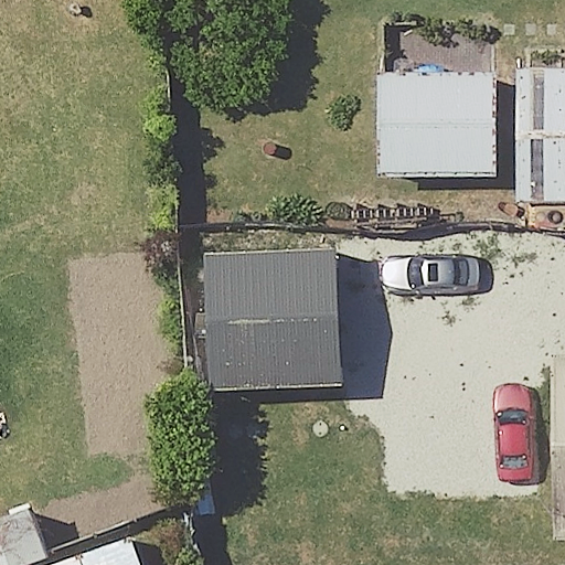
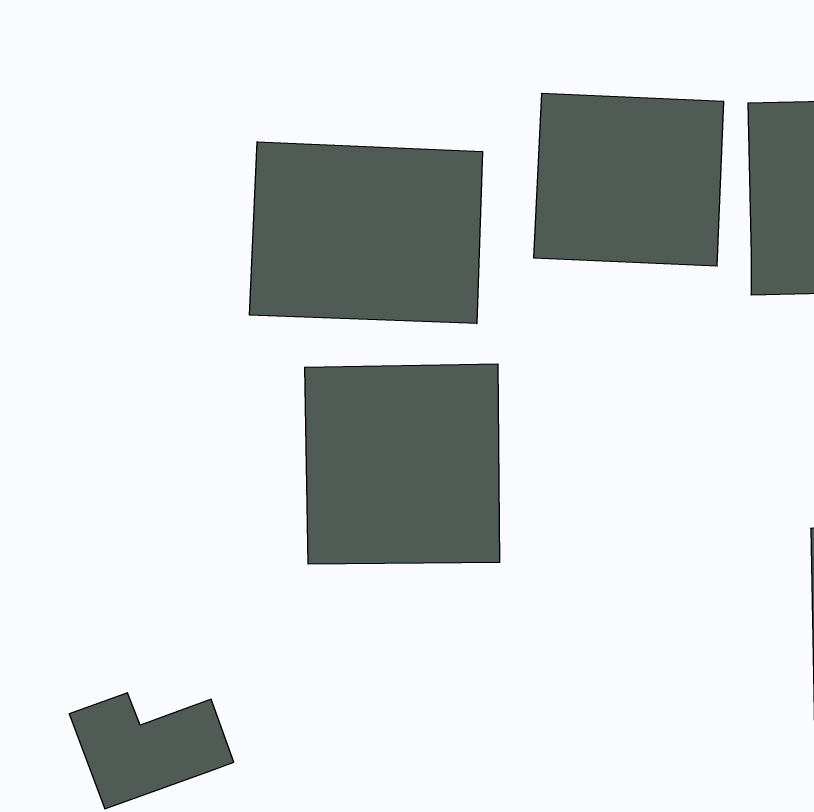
building: none -> [250,142,483,324]

